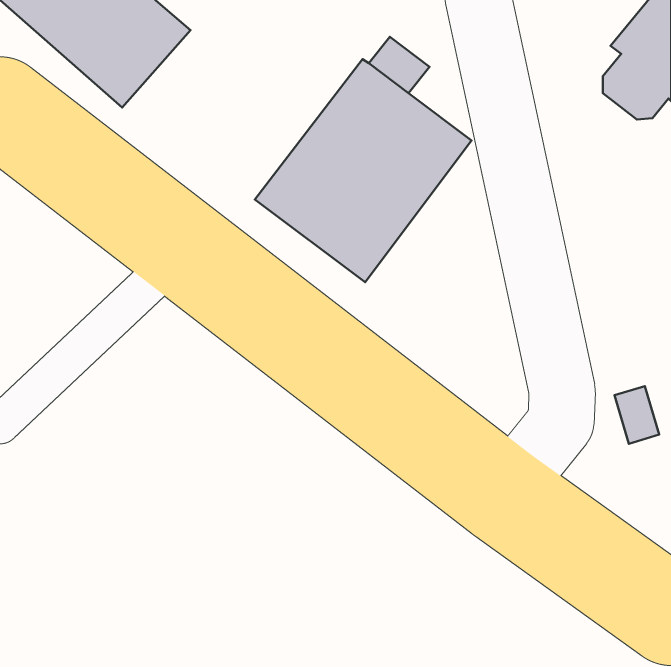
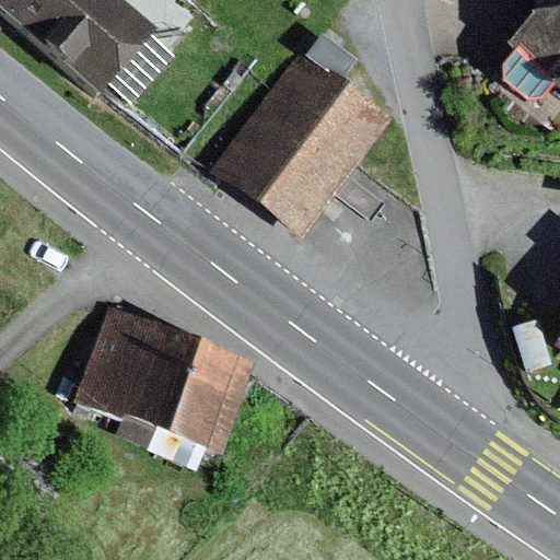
building: none -> [77,305,258,454]

